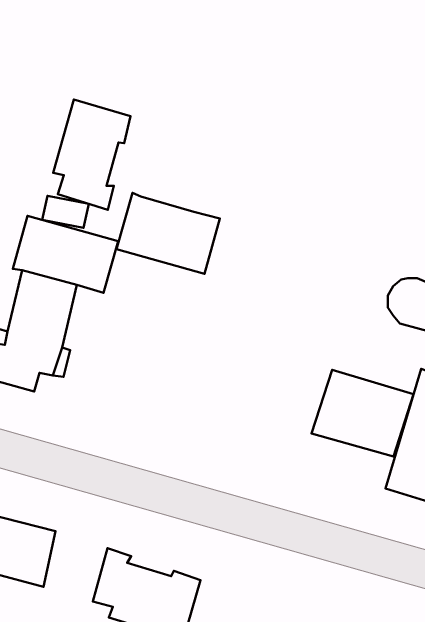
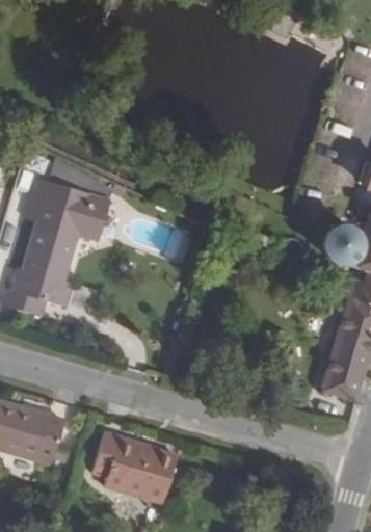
building: [53,100,131,210] -> none
building: [117,193,220,274] -> none
building: [311,370,414,457] -> none

